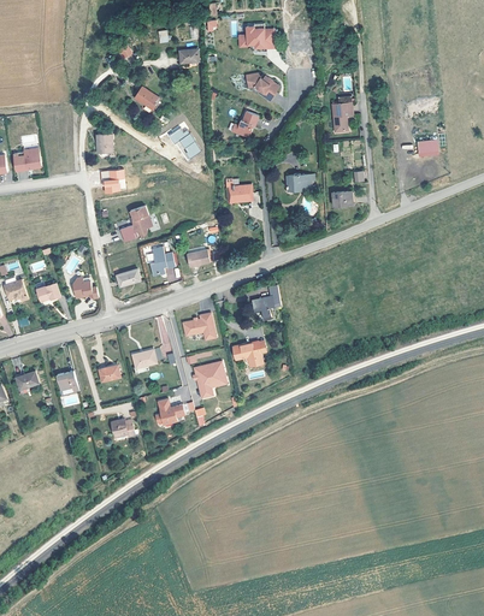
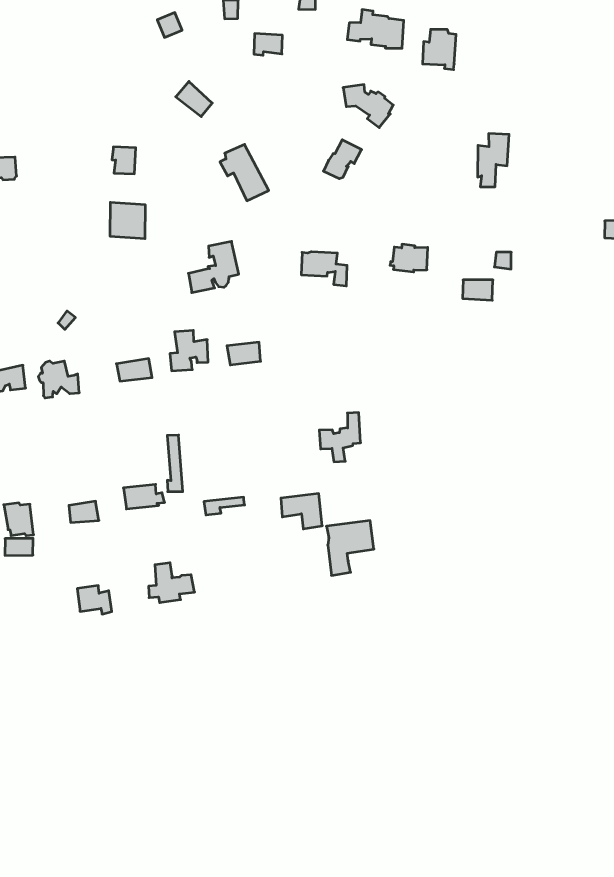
building: [120,206,153,242] -> [188,241,239,293]
building: [183,313,216,339] -> none
building: [194,360,226,398] -> [326,521,374,575]

